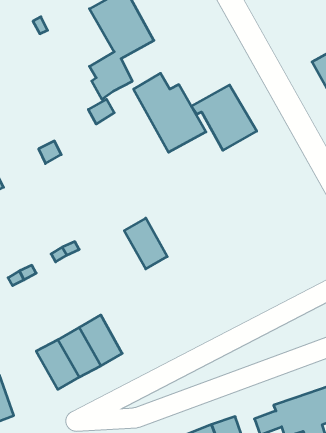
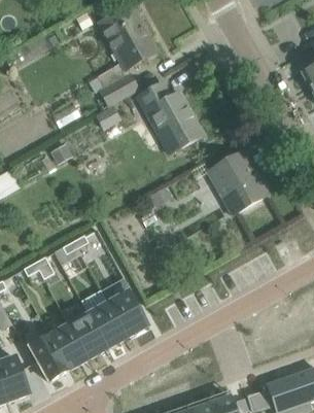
building: [191,85,257,150] -> [208,151,268,211]
building: [124,218,167,269] -> [108,290,147,337]
building: none -> [30,335,69,381]

